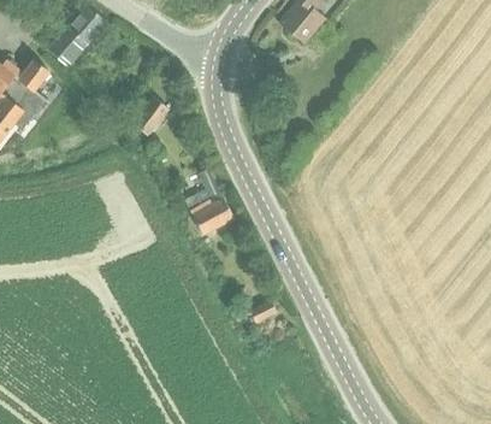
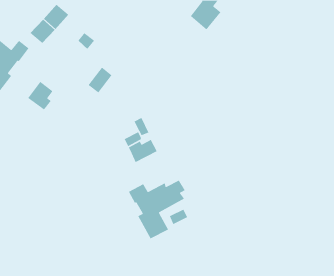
building: none -> [27,81,54,111]
building: none -> [128,179,186,240]

